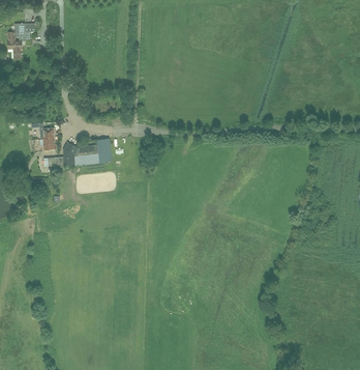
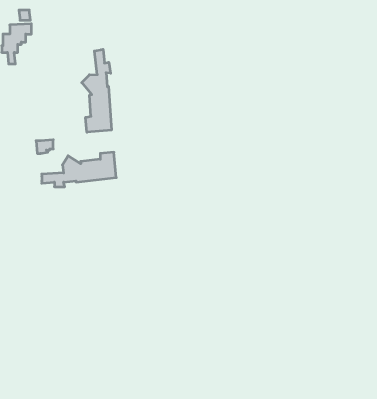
building: none -> [82,49,111,132]

